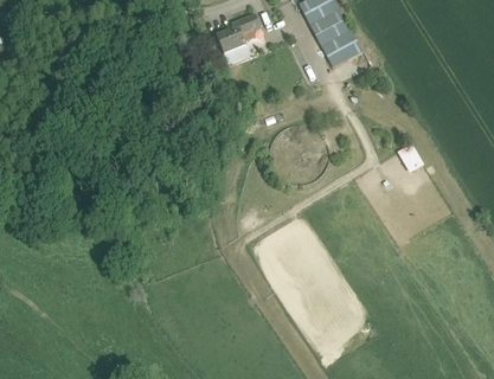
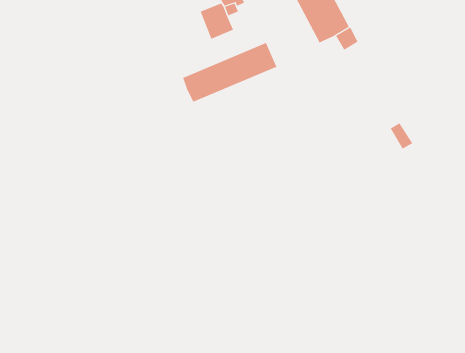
building: none -> [182,42,277,102]

